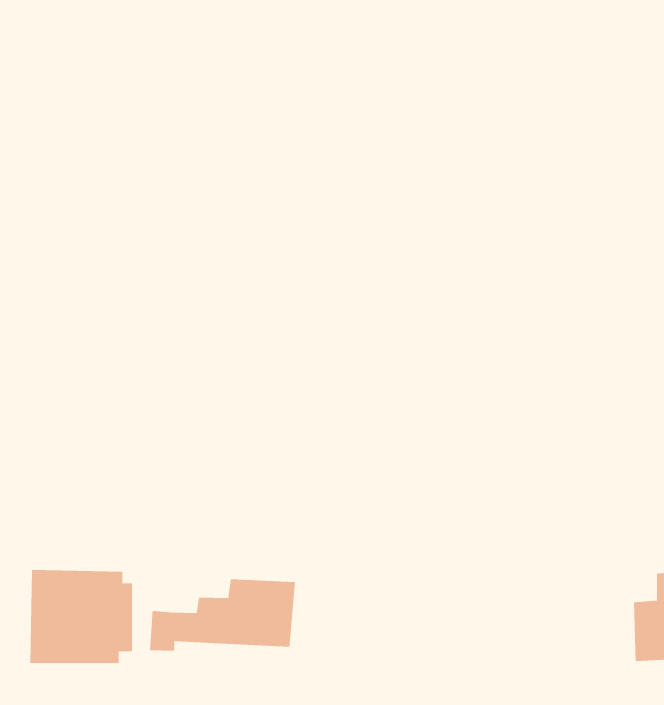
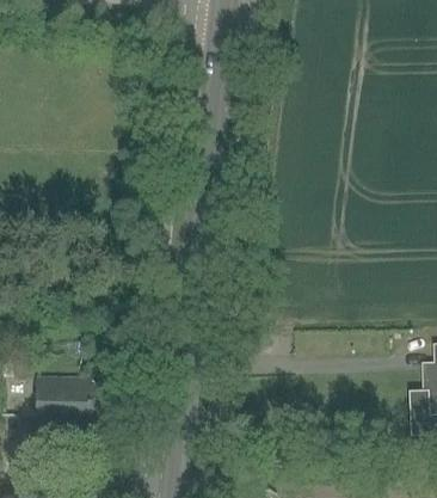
building: [149,579,295,651] -> none

